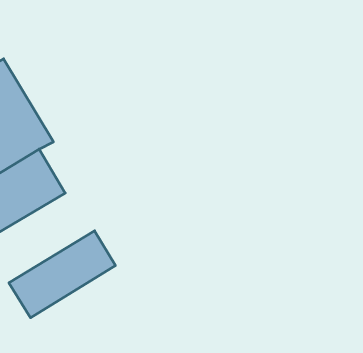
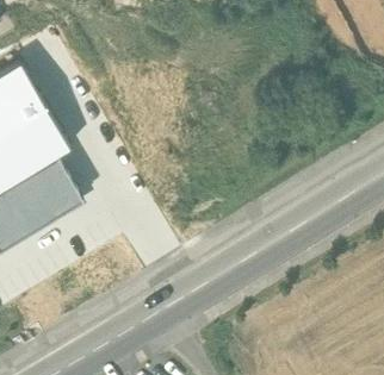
building: [9,231,115,318] -> none

